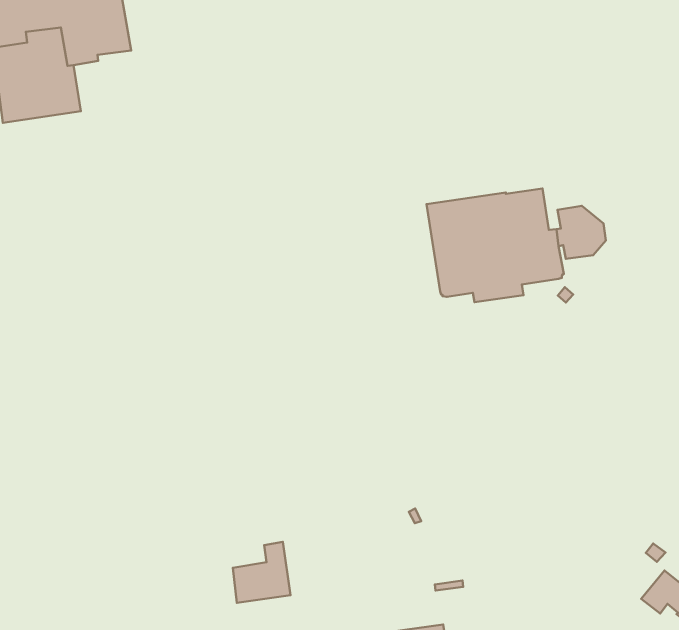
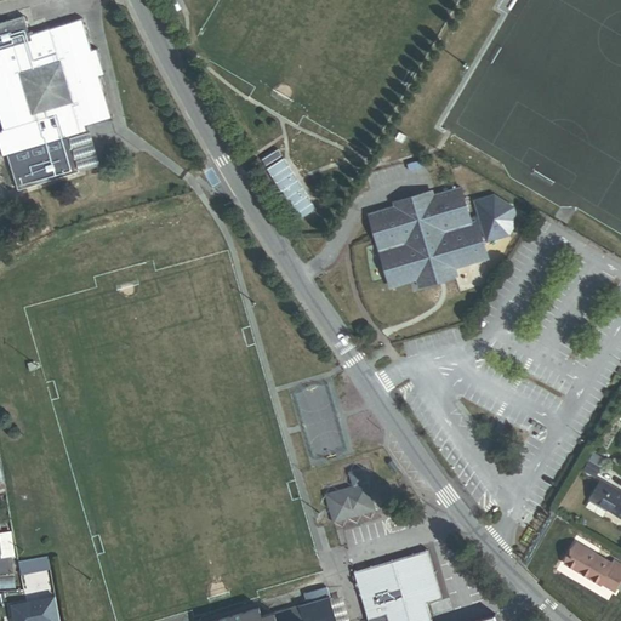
building: none -> [67,132,98,175]
building: none -> [267,156,315,218]
building: [233,542,290,603] -> [325,468,375,523]

